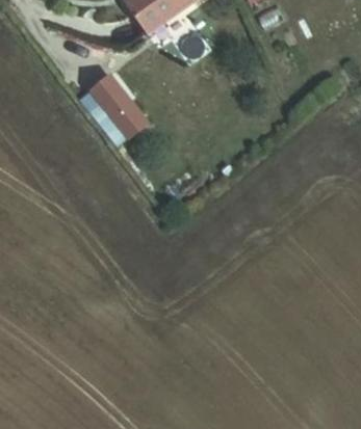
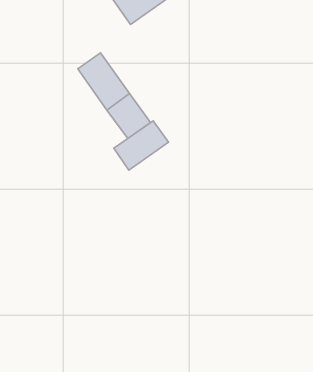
building: none -> [114,121,168,170]

